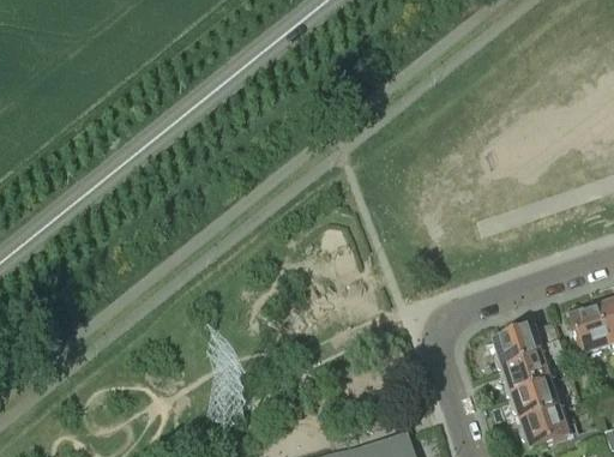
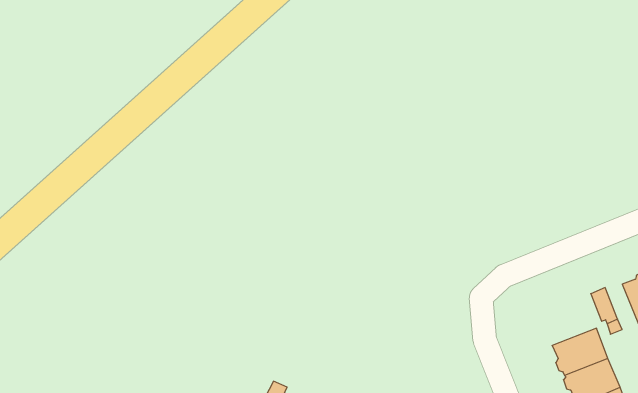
building: [492,323,542,365] -> none

